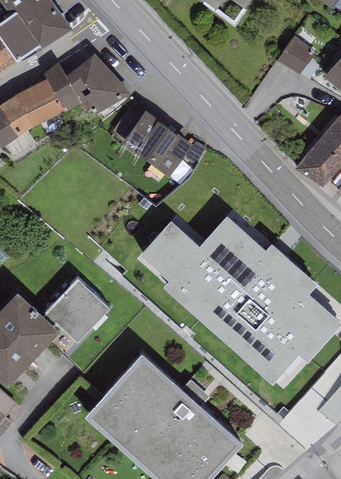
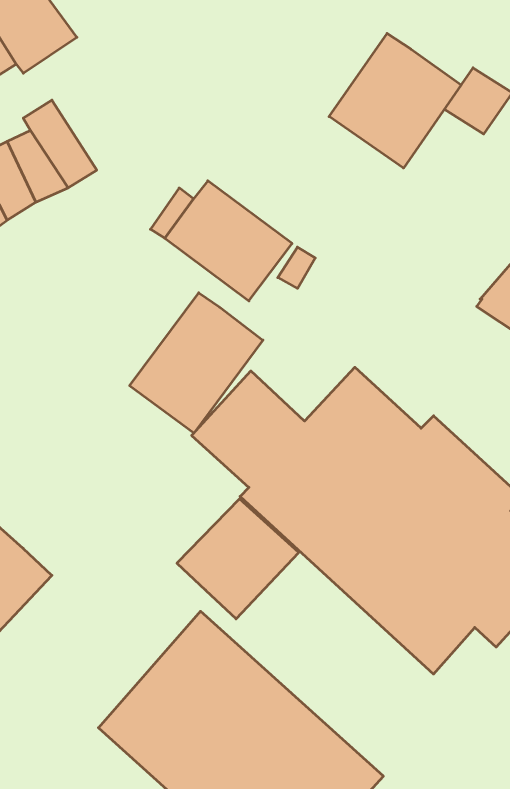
building: none -> [329,33,461,168]
building: [63,51,129,114] -> none
building: none -> [130,293,263,433]
building: [40,275,108,342] -> [177,499,299,619]

